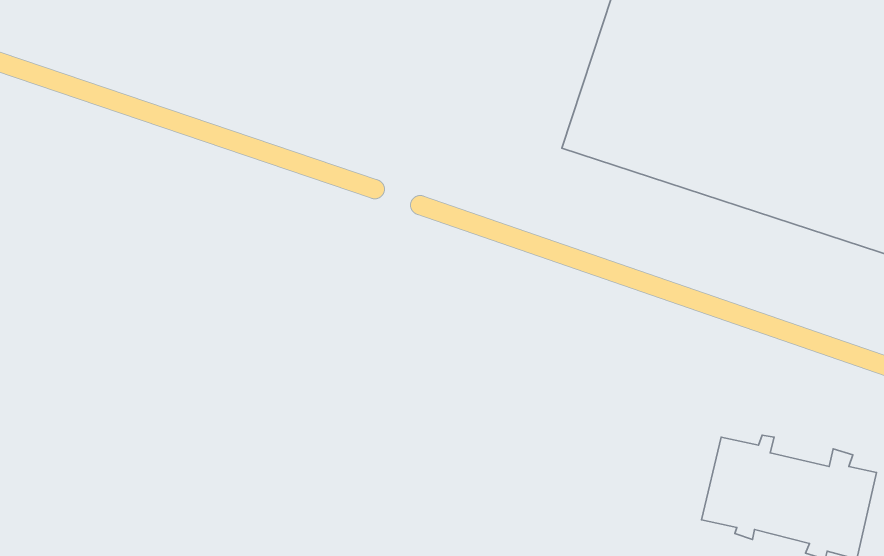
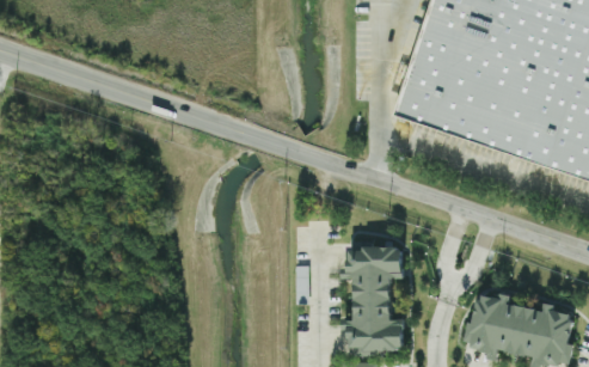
building: none -> [342,245,403,347]

